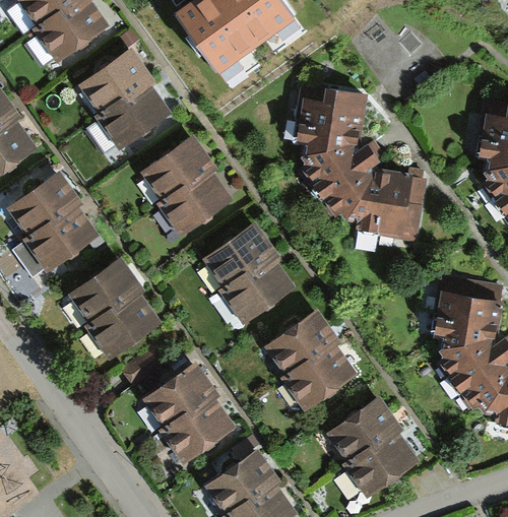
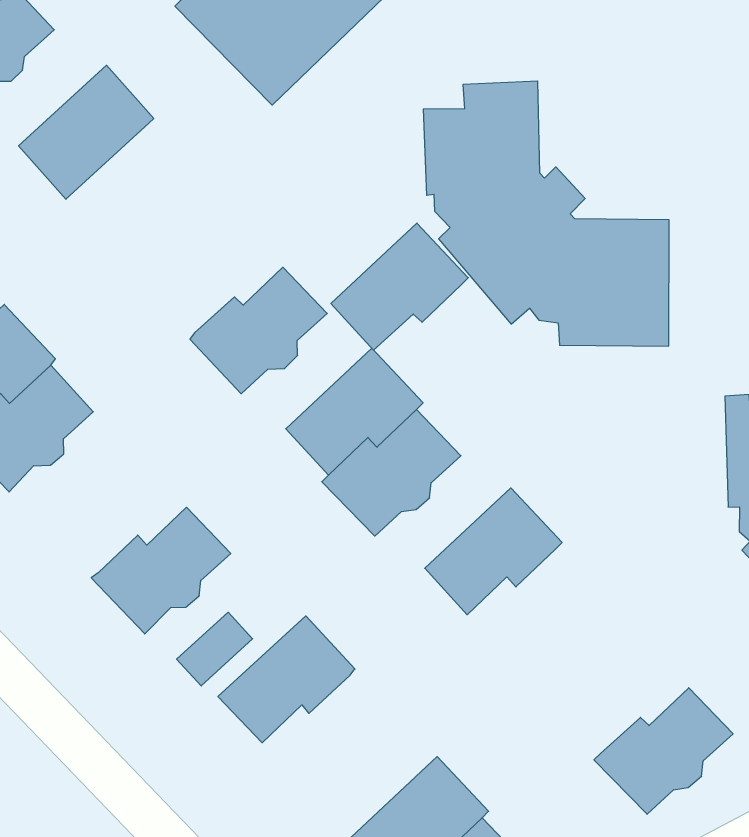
building: [97,83,171,149] -> none
building: [140,135,216,200] -> [331,223,468,350]
building: [69,257,145,322] -> none
building: [281,345,358,410] -> none
building: [326,394,402,459] -> none
building: [160,397,237,463] -> none

